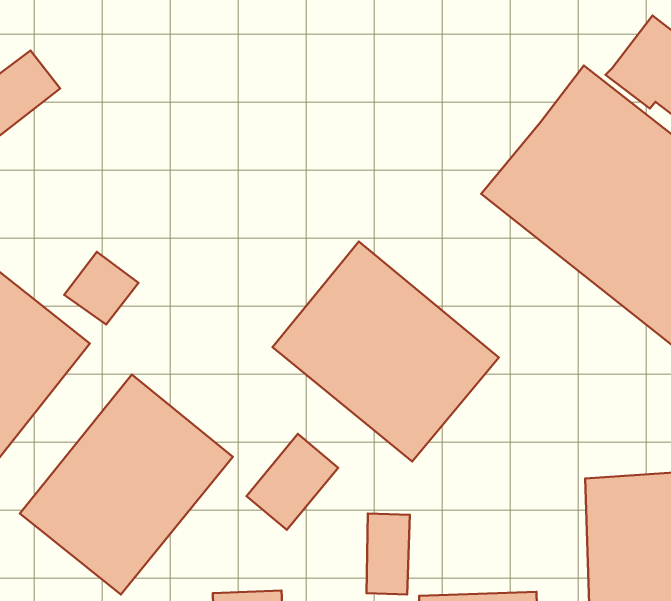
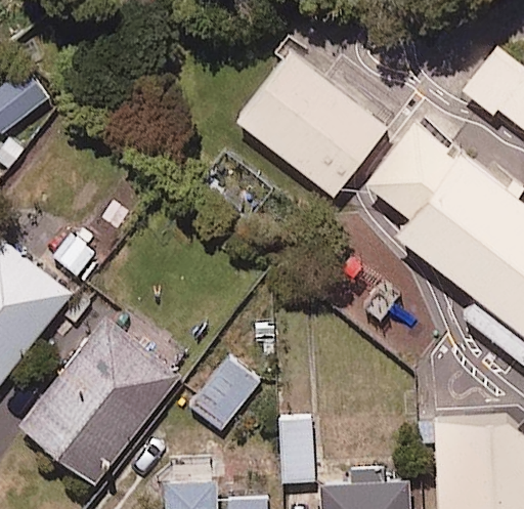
building: none -> [269,52,411,188]
building: [272,241,499,462] -> none

